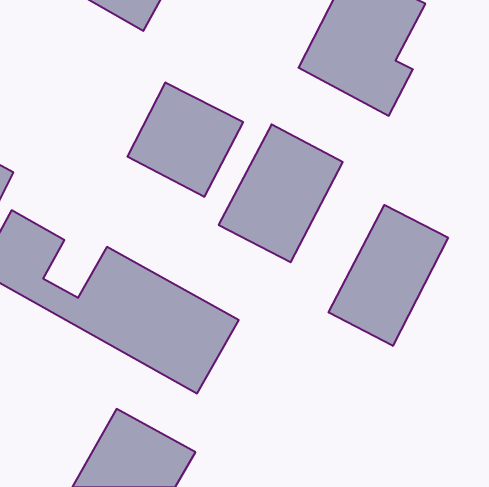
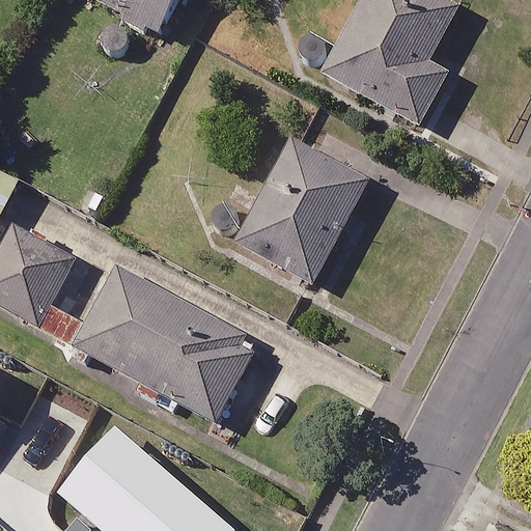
building: [127,82,243,197] -> none
building: [329,205,448,346] -> none

